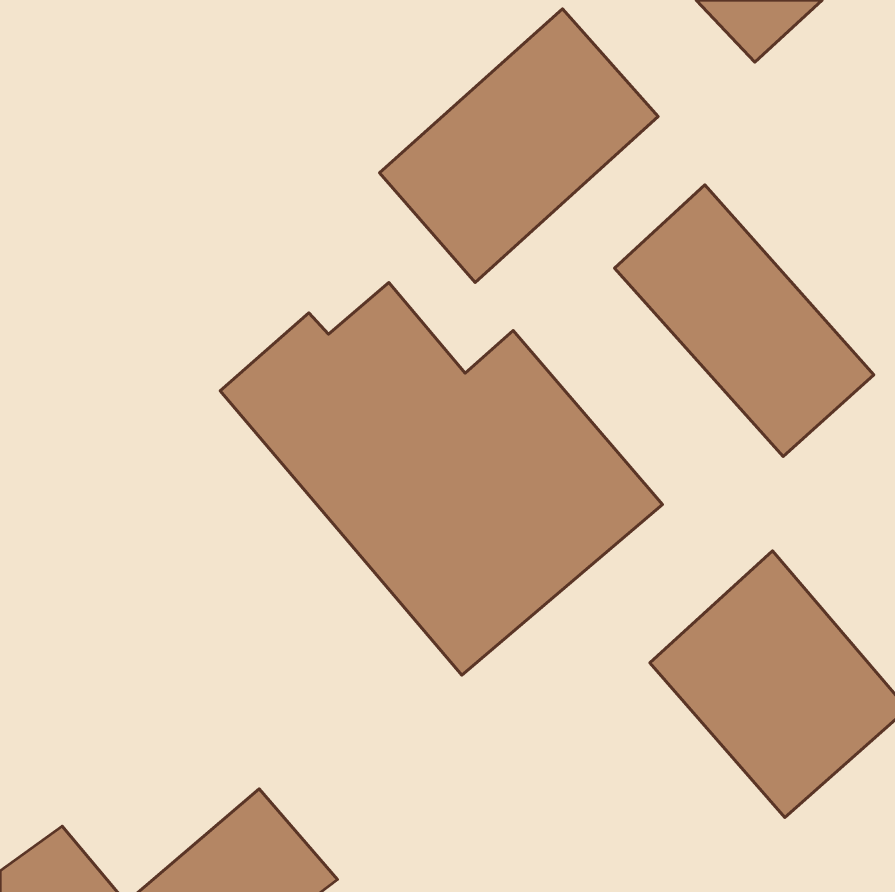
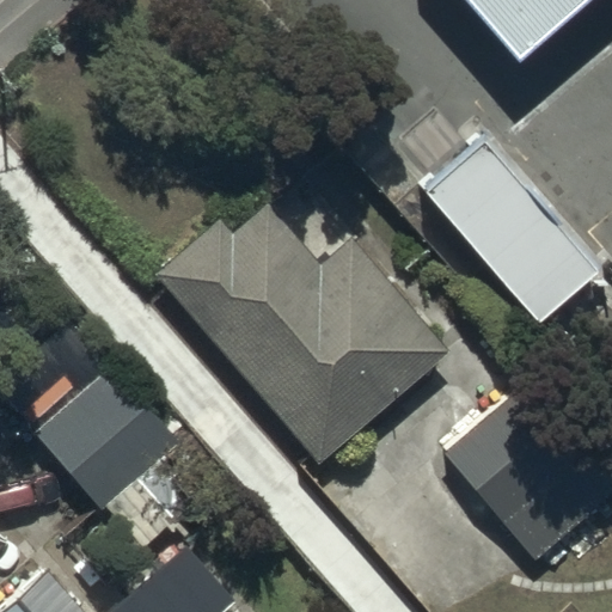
building: [379,9,658,282] -> none
building: none -> [35,368,177,510]

